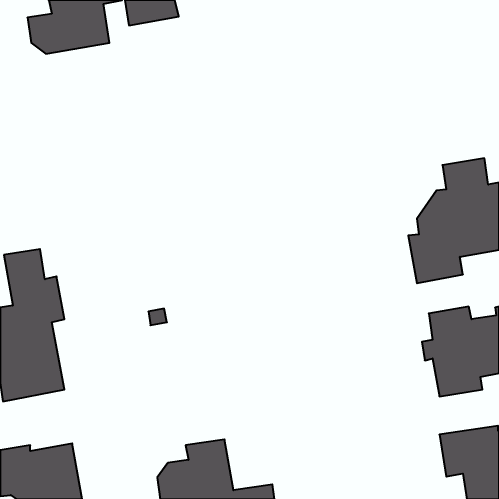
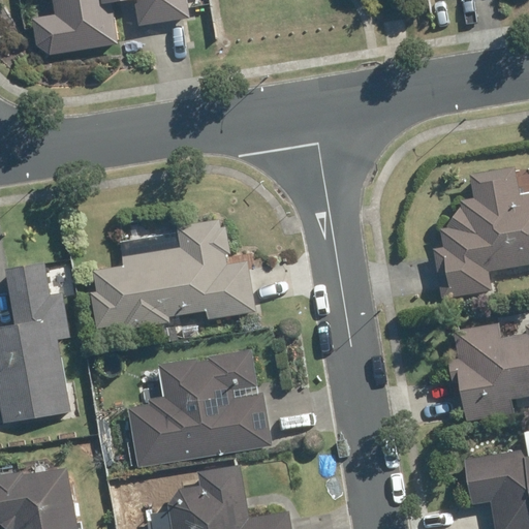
building: none -> [90,220,254,330]
building: none -> [136,353,272,462]

